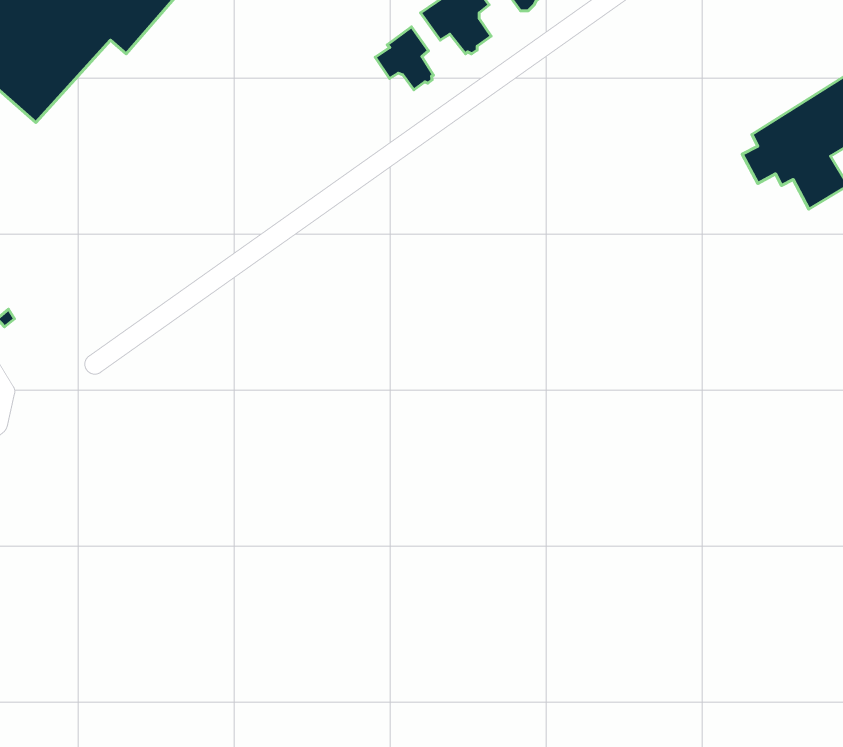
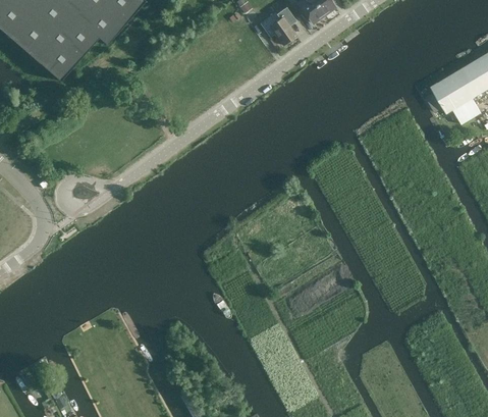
building: [375,27,434,90] -> none

